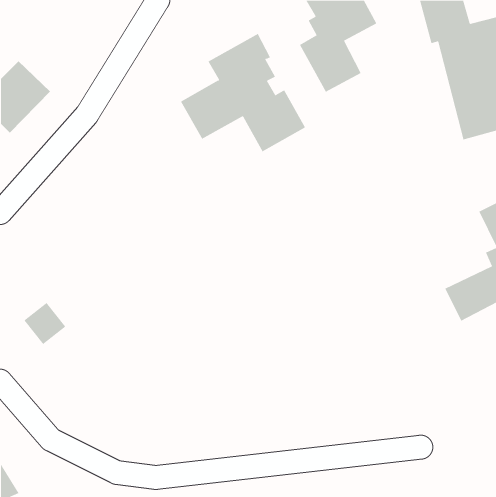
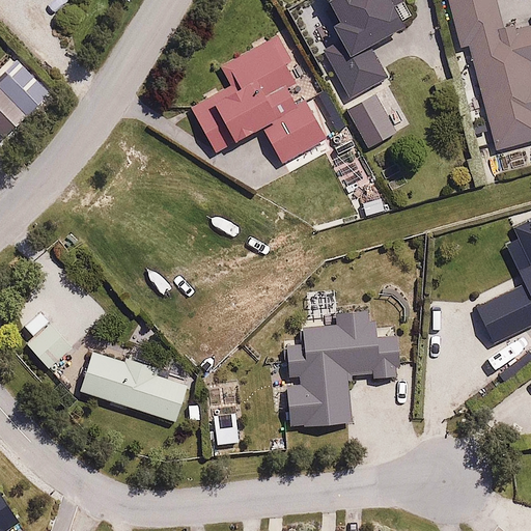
building: none -> [347,95,397,149]
building: none -> [284,310,400,427]
building: none -> [78,351,189,422]

